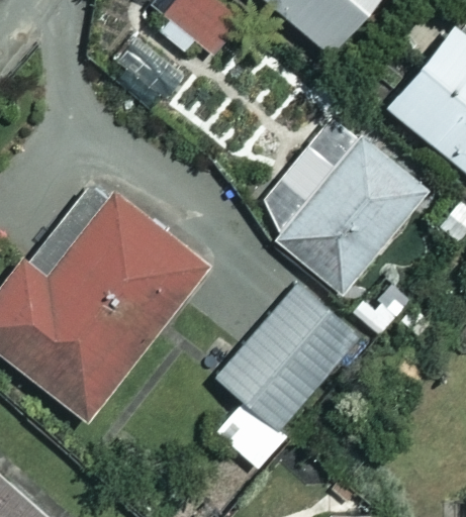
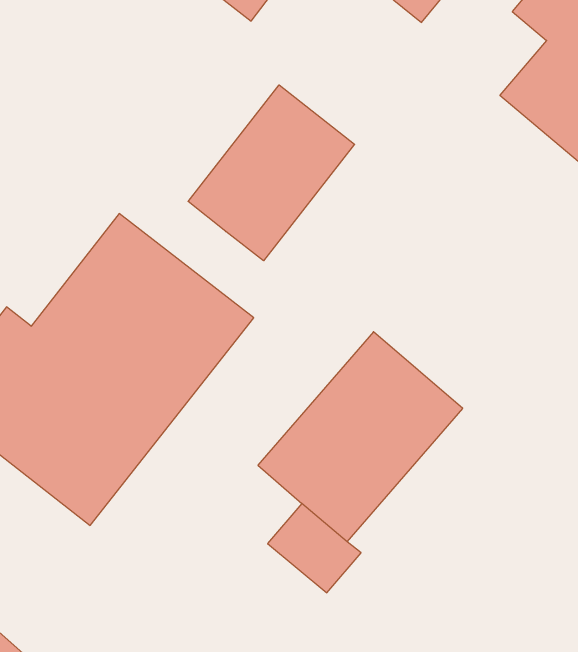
building: none -> [188,85,355,261]
building: [278,113,434,294] -> none

